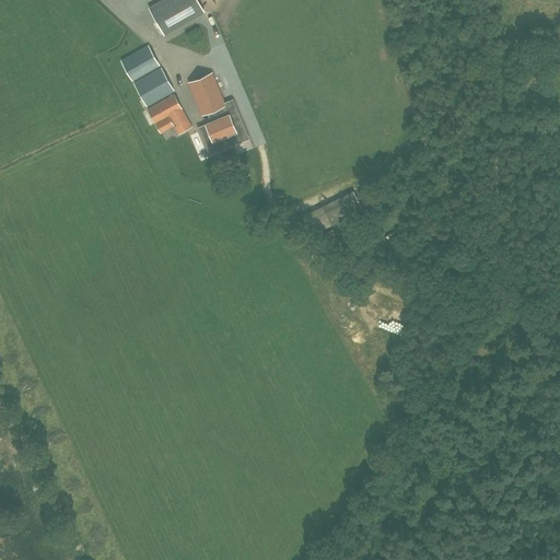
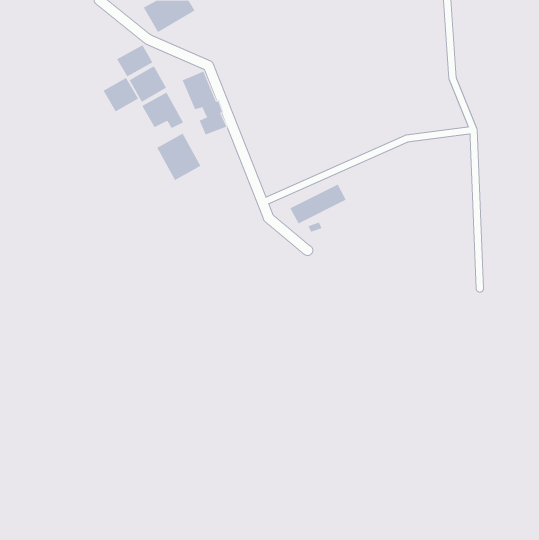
building: none -> [103,77,139,112]
building: none -> [157,133,201,181]

